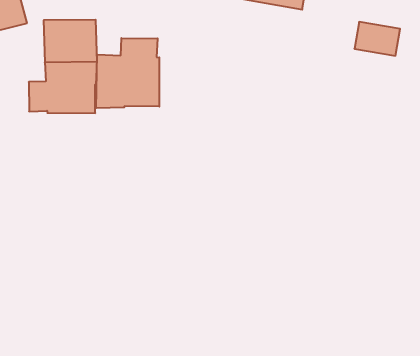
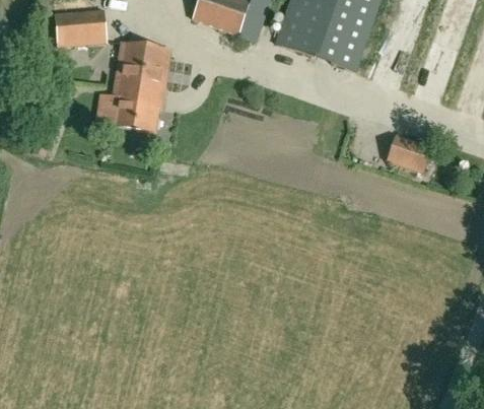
building: [354,22,400,56] -> [388,136,431,172]
building: [96,38,159,108] -> none

